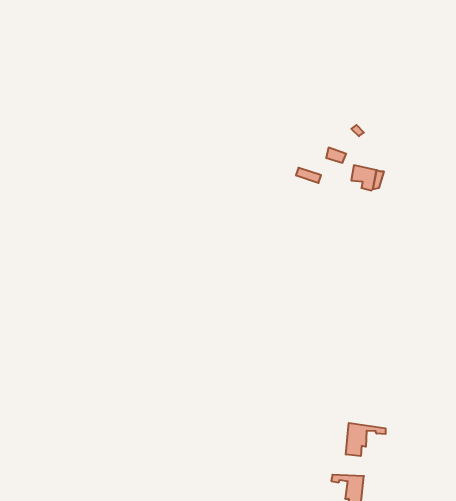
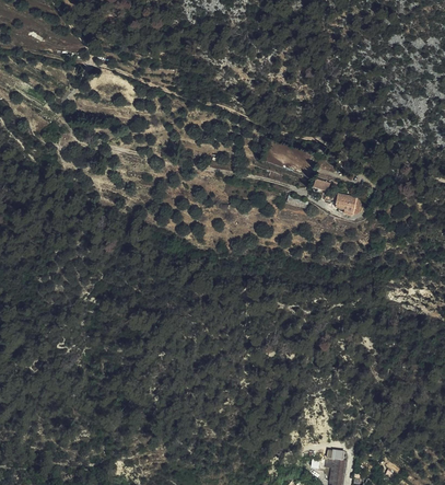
building: [346,423,386,456] -> none

